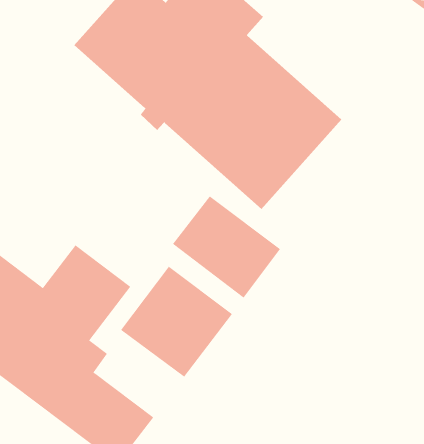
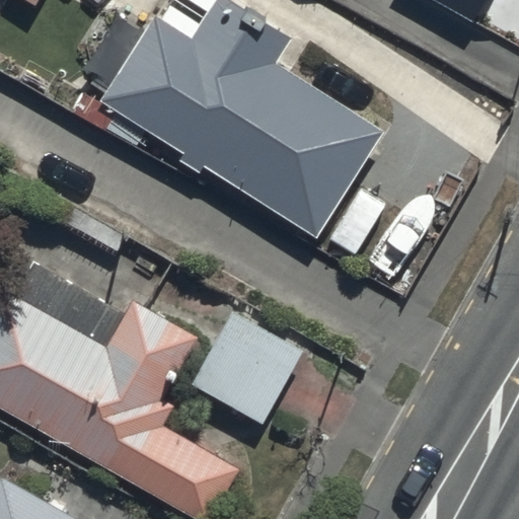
building: [172,196,281,298] -> none

